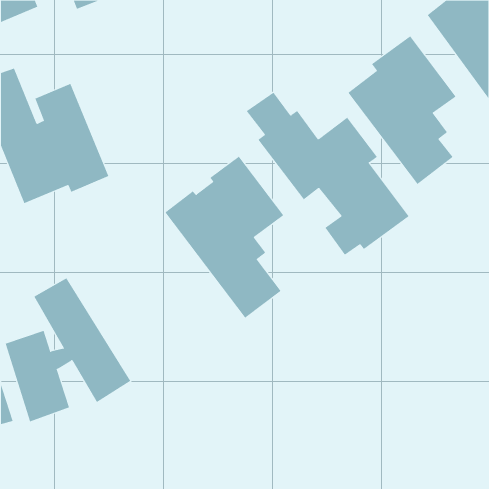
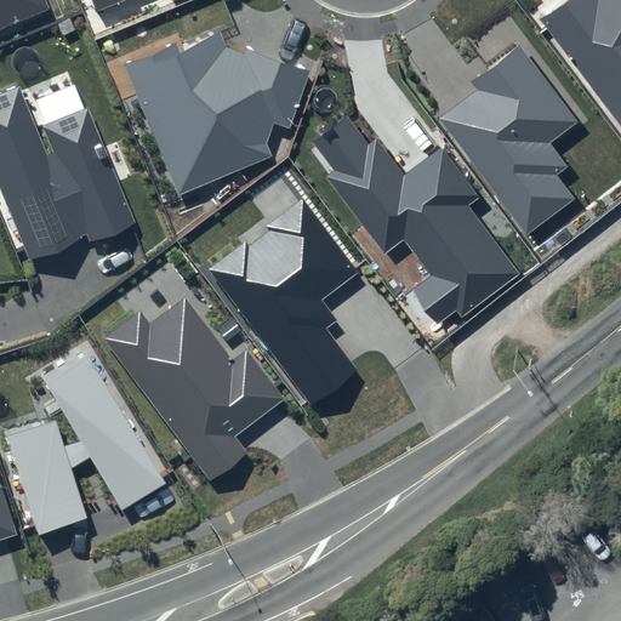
building: none -> [124,33,309,195]
building: none -> [103,298,284,480]

